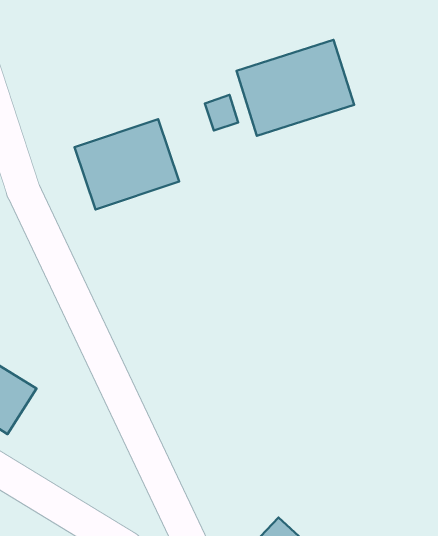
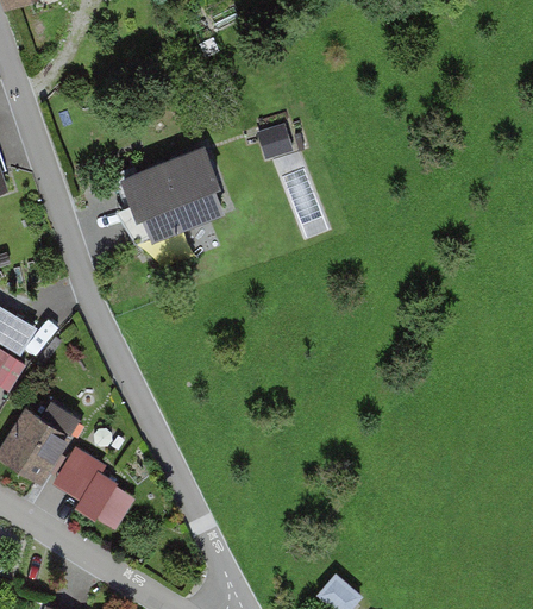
building: [237,40,354,136] -> none
building: none -> [55,439,139,526]

